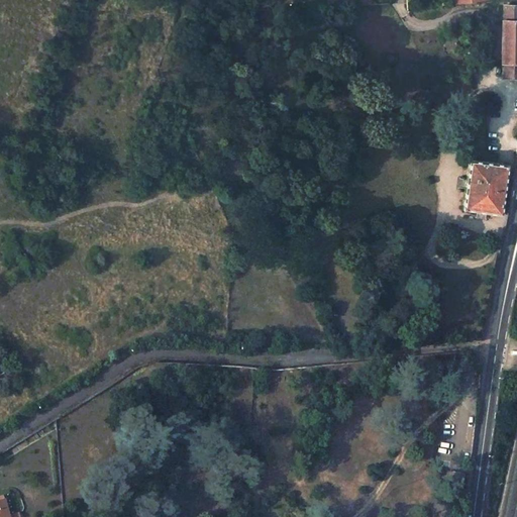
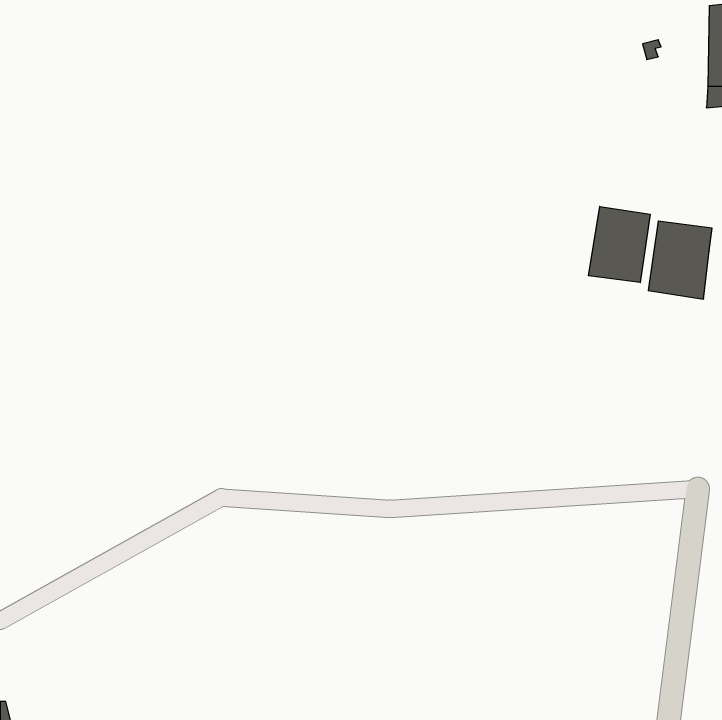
building: none -> [588,206,650,283]

